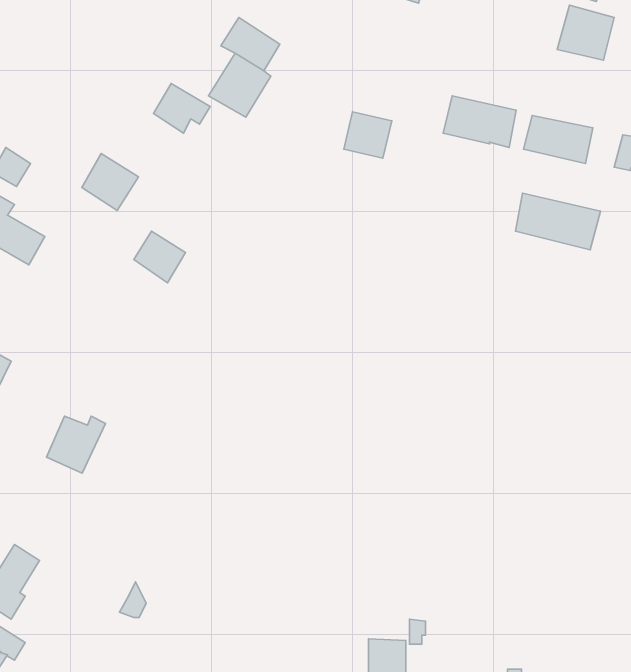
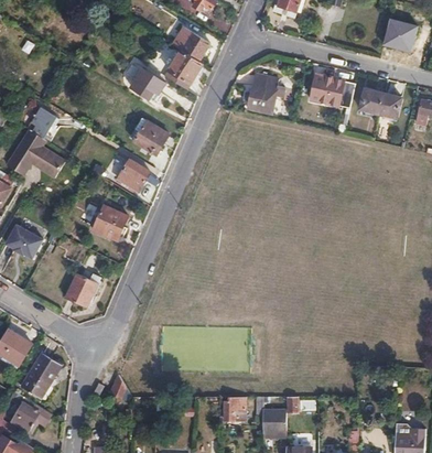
building: [82,154,139,211] -> [133,117,169,152]
building: [515,193,600,250] -> none
building: none -> [91,204,127,238]
building: none -> [225,399,246,421]

